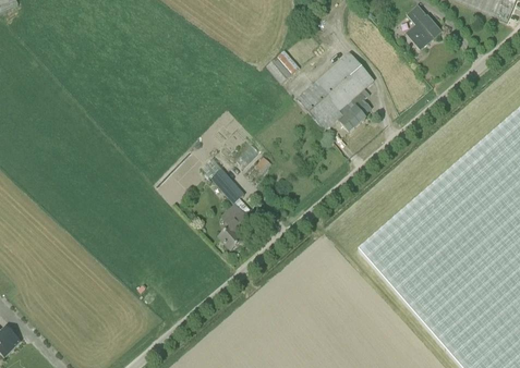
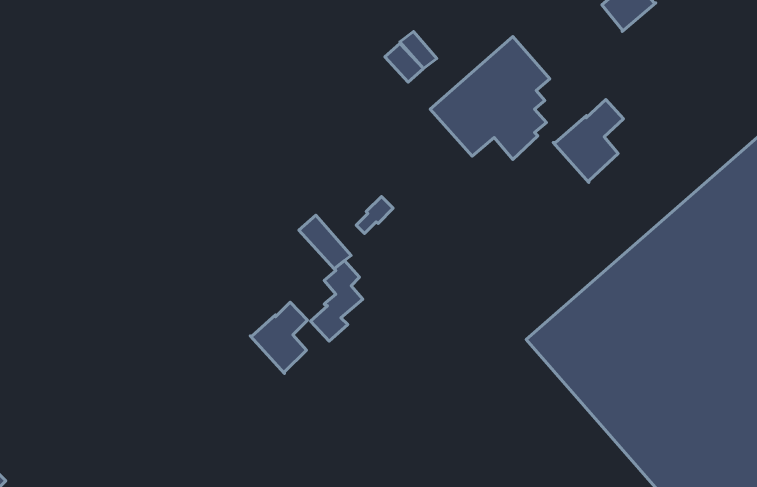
building: none -> [553,100,624,183]
building: none -> [250,302,308,374]

